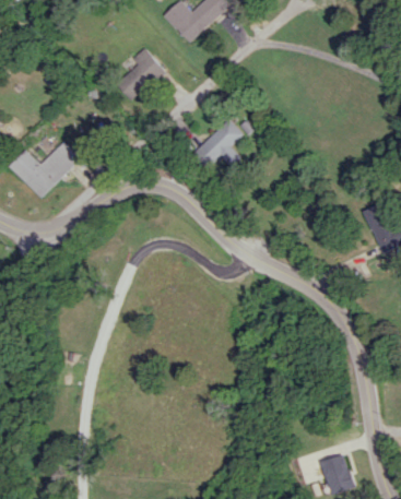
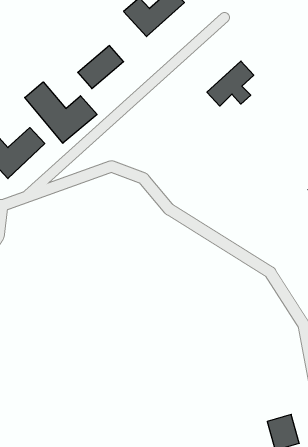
building: none -> [25,82,97,143]
building: [191,119,243,168] -> [207,61,254,106]

